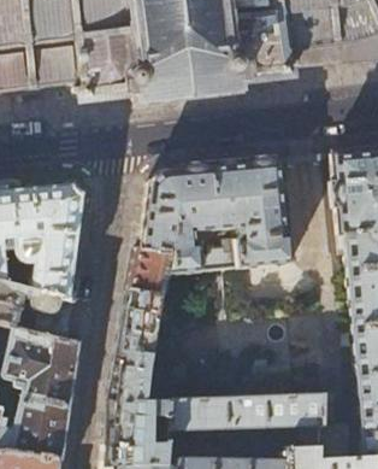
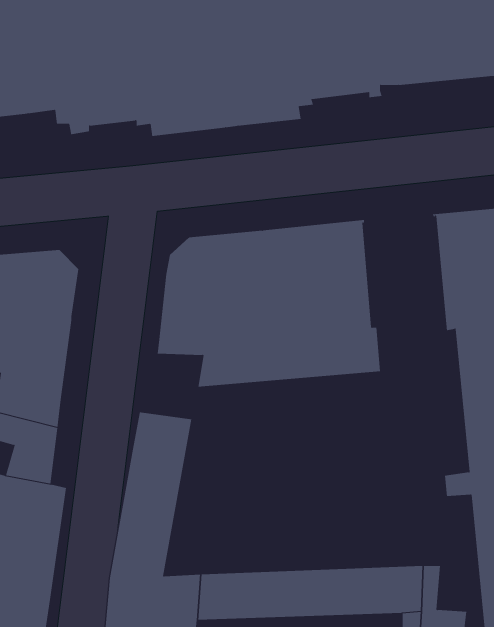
building: [128,248,171,294] -> none

